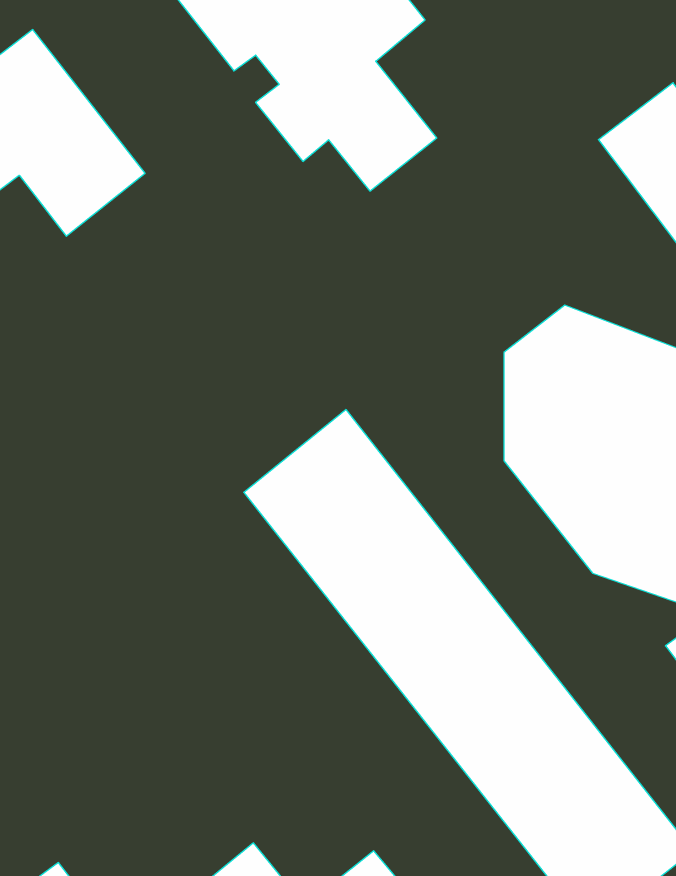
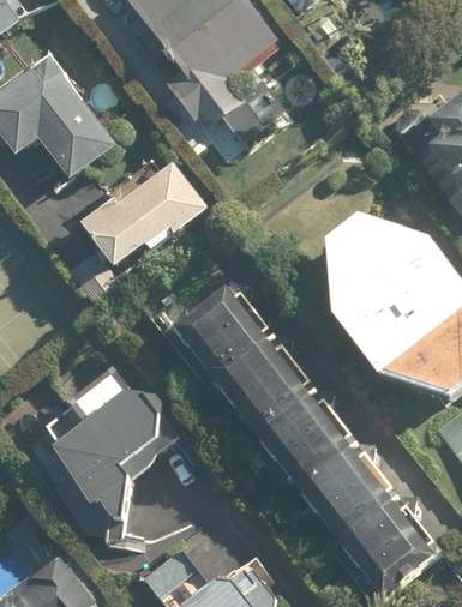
building: none -> [78,148,205,270]
building: none -> [46,372,162,543]

